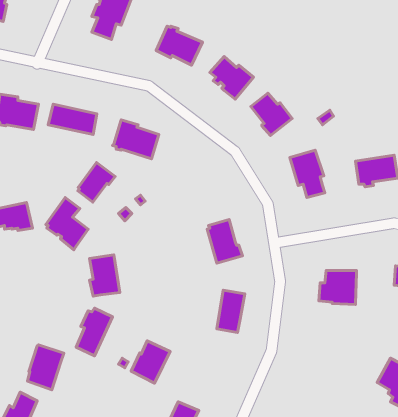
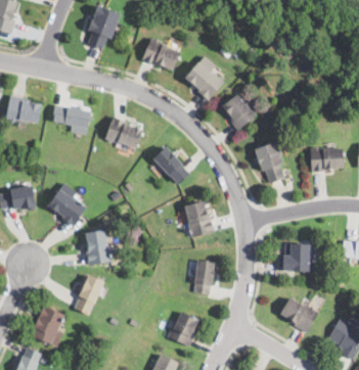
building: none -> [153,146,191,185]
building: [78,163,115,202] -> none
building: none -> [280,297,319,332]
building: [131,341,170,383] -> [168,311,200,346]

